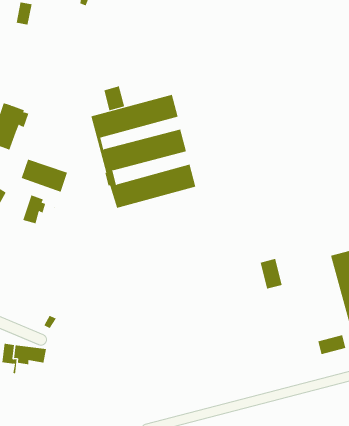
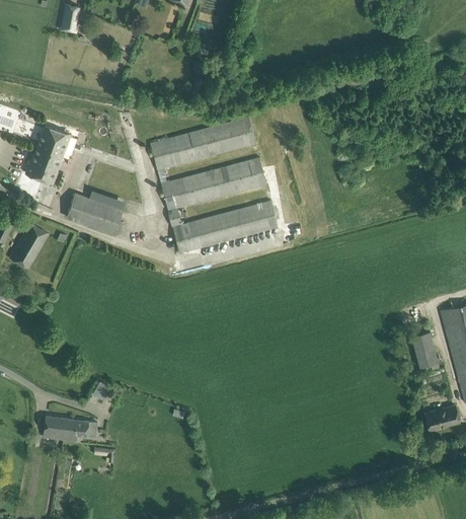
building: [104,86,125,111] -> none
building: [23,195,56,224] -> none
building: [260,258,283,289] -> [409,330,437,368]

